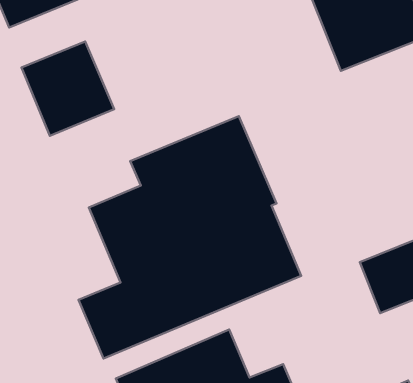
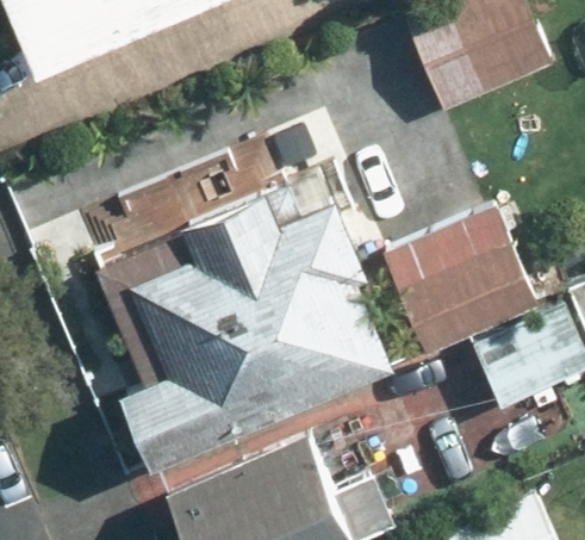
building: [22,41,114,136] -> none
building: none -> [376,212,529,353]

